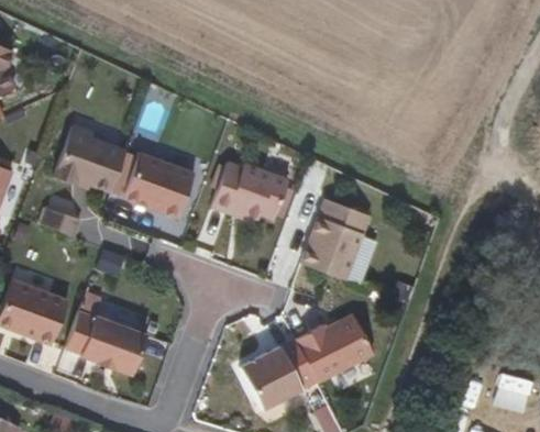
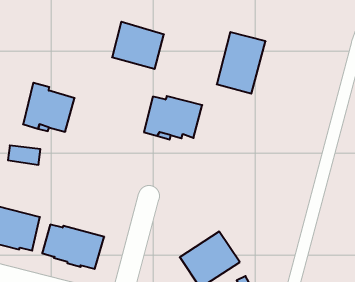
building: [126,151,196,215] -> [112,22,164,69]
building: [302,201,371,283] -> [217,32,266,94]
building: [295,317,373,385] -> none

